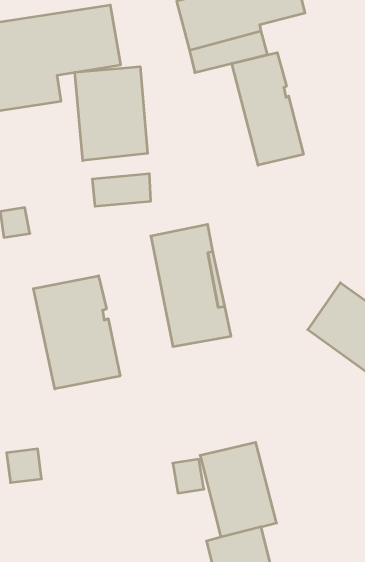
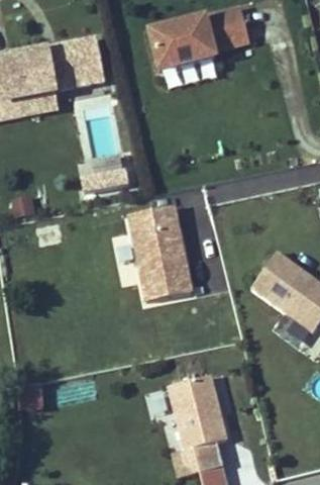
building: [232,53,303,165] -> none
building: [75,67,148,161] -> none
building: [33,276,120,389] -> none

